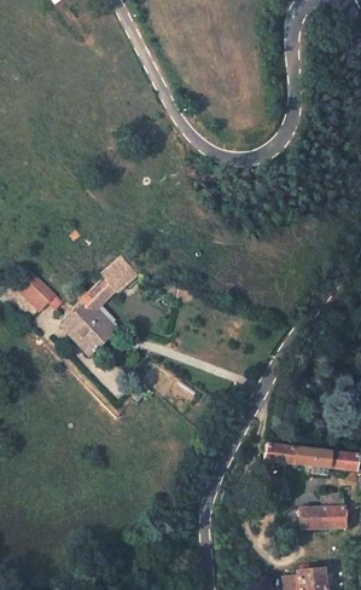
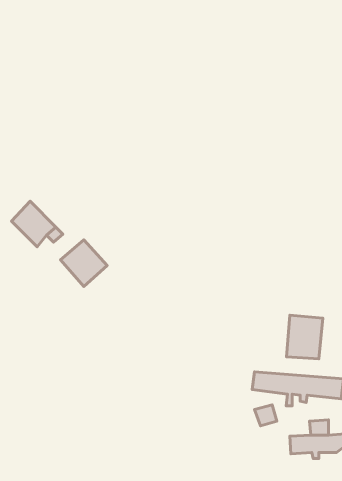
building: [88,255,138,306] -> none
building: none -> [287,315,323,359]

